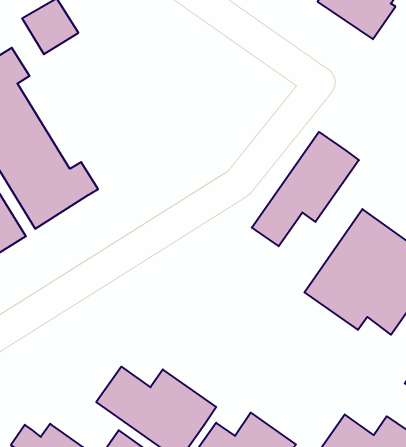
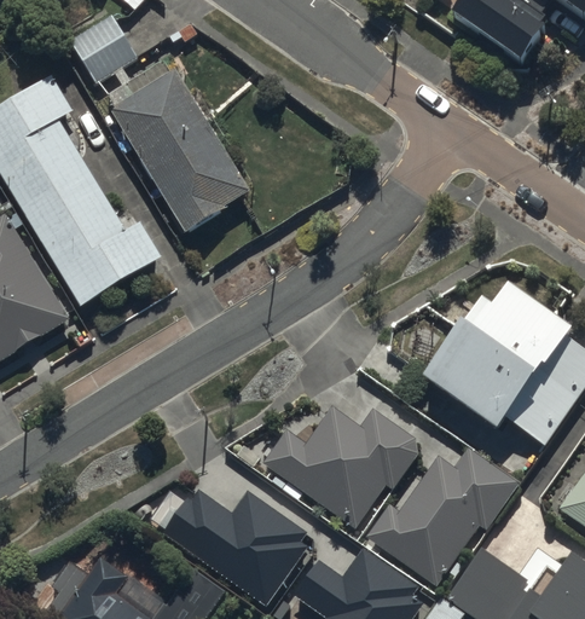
building: none -> [111,71,251,235]
building: [252,132,359,246] -> none
building: none -> [263,399,418,522]
building: none -> [366,442,519,582]

